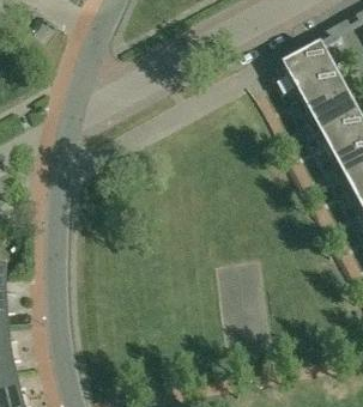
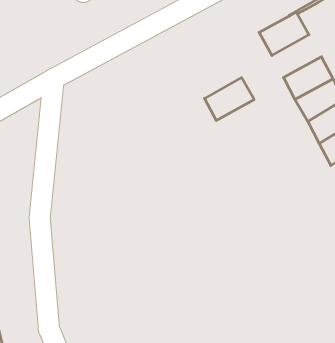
building: [295,69,346,114] -> [204,78,254,120]

